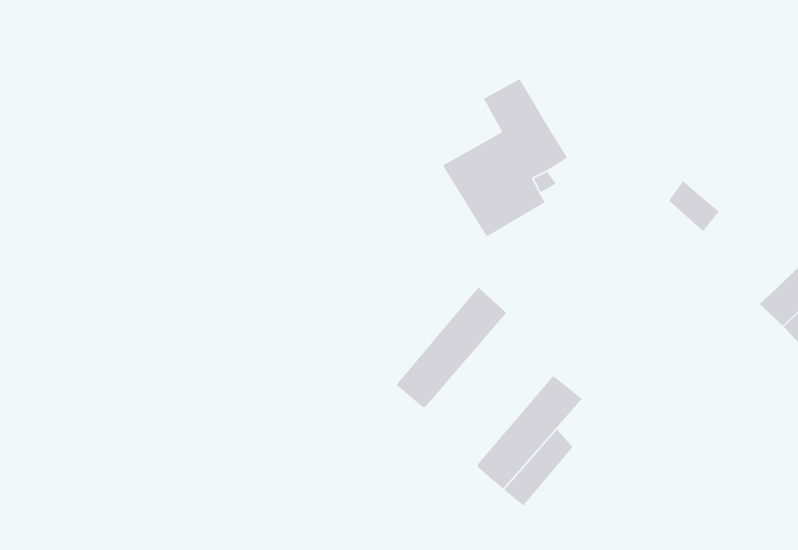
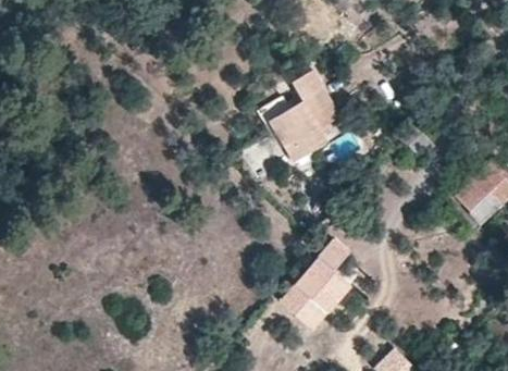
building: [396,287,507,409] -> none

